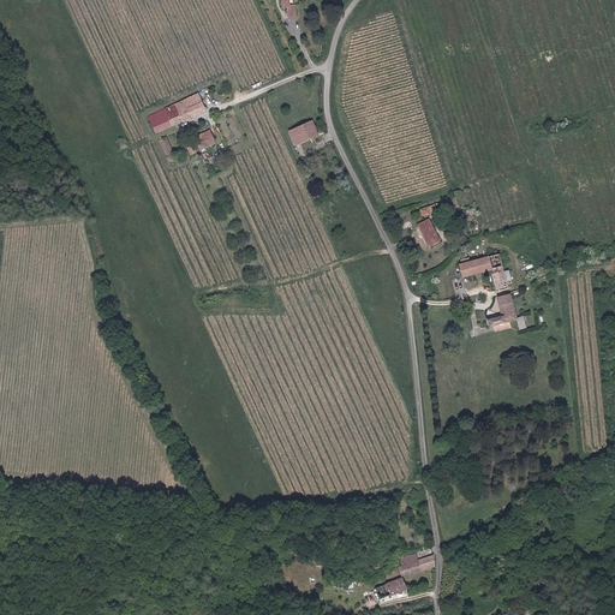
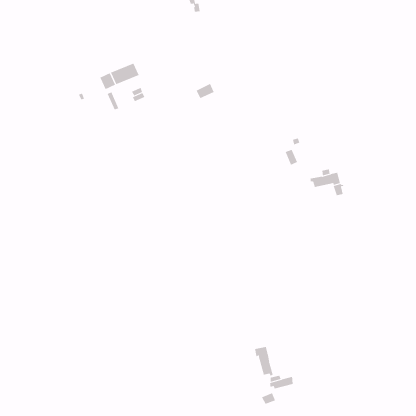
building: [486,293,514,329] -> none
building: none -> [255,346,274,377]

